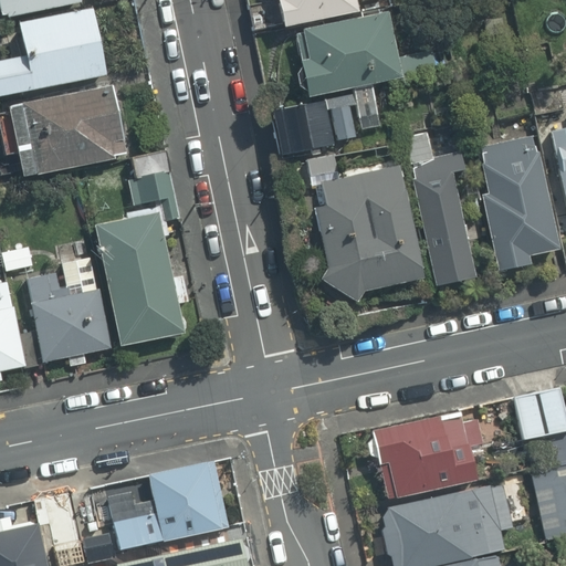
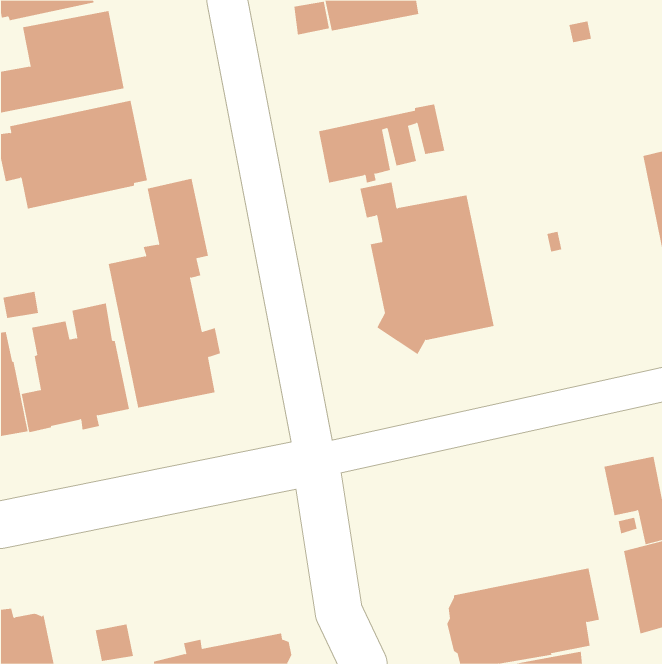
building: [297,12,437,97] -> none
building: [406,133,474,285] -> none
building: [480,137,558,271] -> none
building: [366,412,482,499] -> none
building: [105,460,230,549] -> none

